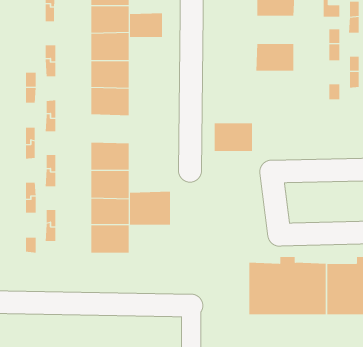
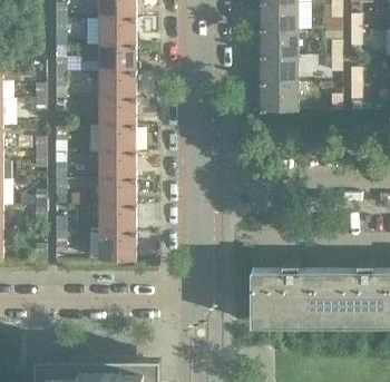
building: [129,13,162,38] -> none
building: none -> [259,33,295,60]
building: none -> [97,129,135,157]
building: [214,123,253,151] -> [257,87,295,115]
building: [129,191,171,225] -> none

